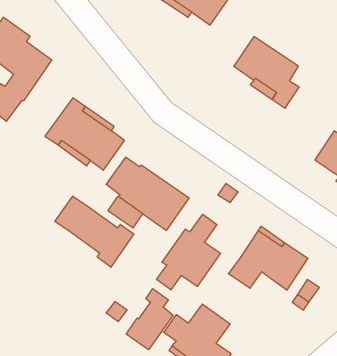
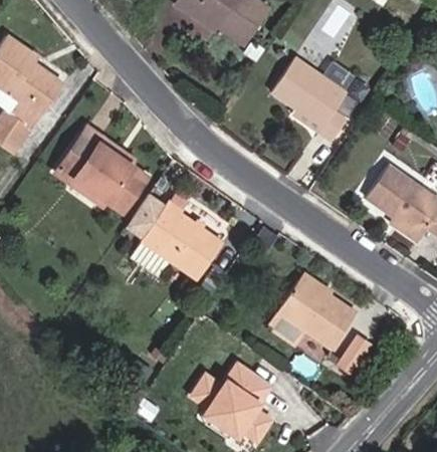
building: [55,196,134,267] -> none
building: [157,214,220,290] -> none
building: [126,289,173,350] -> none

